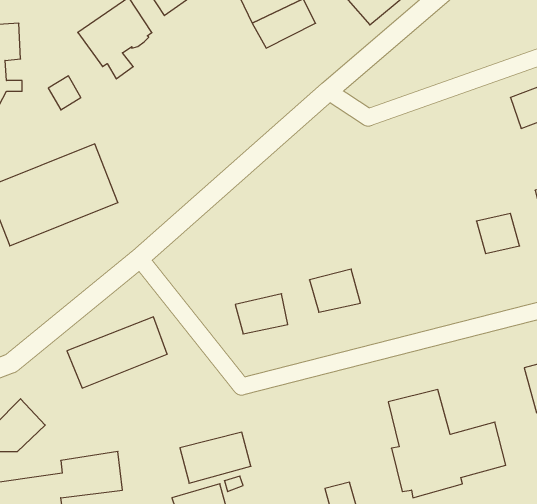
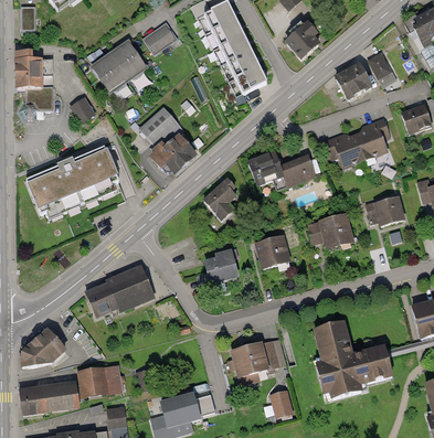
building: none -> [335,54,392,98]
building: none -> [225,60,269,96]
building: none -> [140,106,198,172]
building: none -> [326,119,391,168]
building: none -> [248,152,319,189]
building: none -> [203,180,240,221]
building: none -> [310,214,356,248]
building: [180,432,251,483] -> [233,339,284,375]

